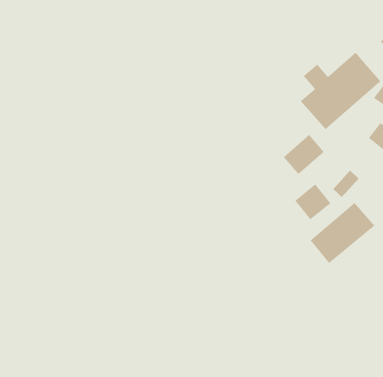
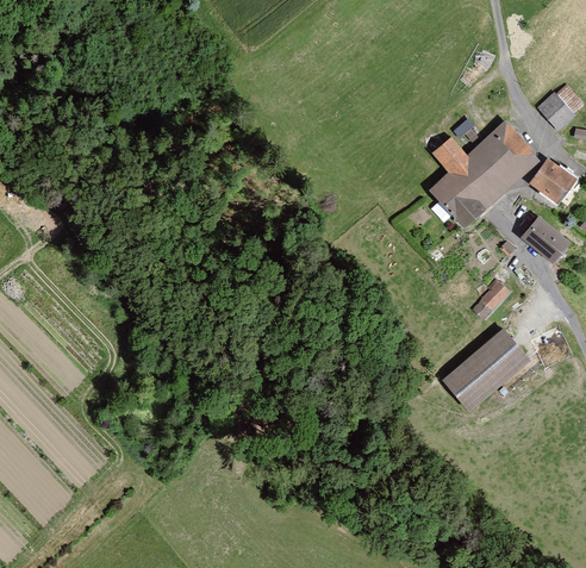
building: [283,134,324,175] -> none
building: [295,184,331,220] -> none

